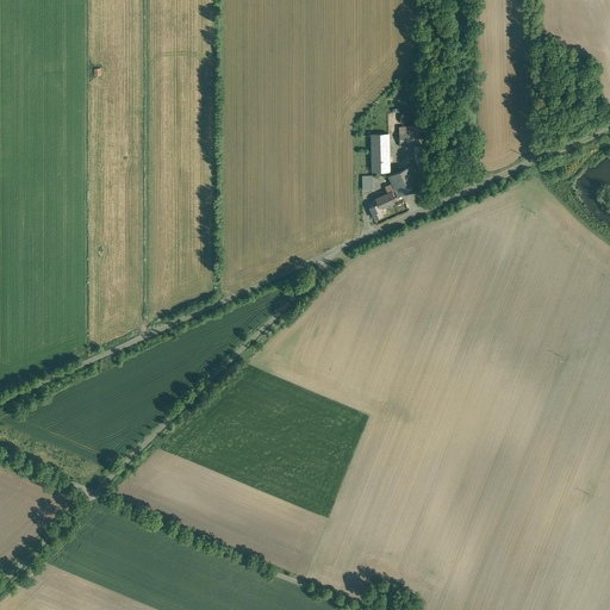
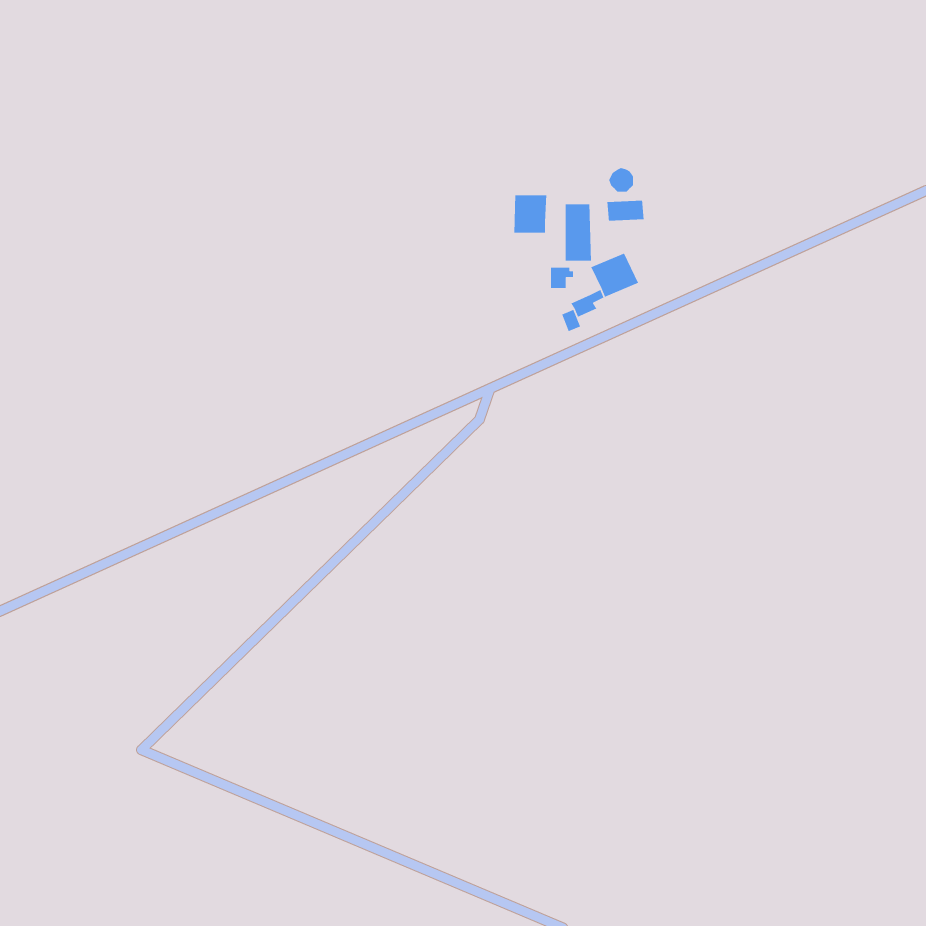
building: none -> [513,194,547,233]

